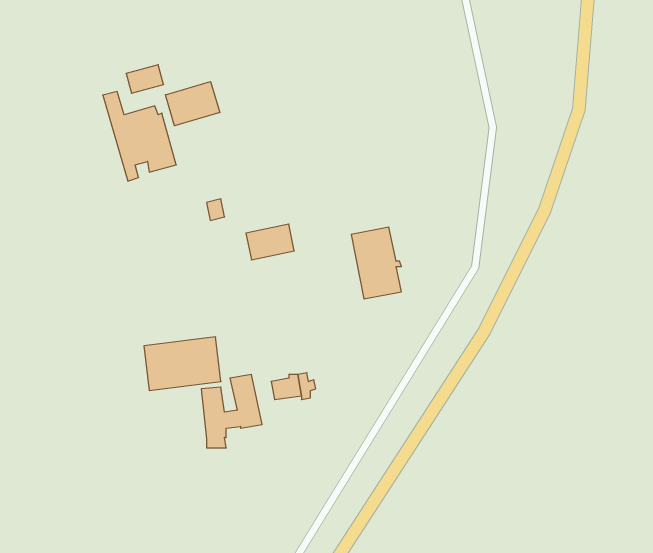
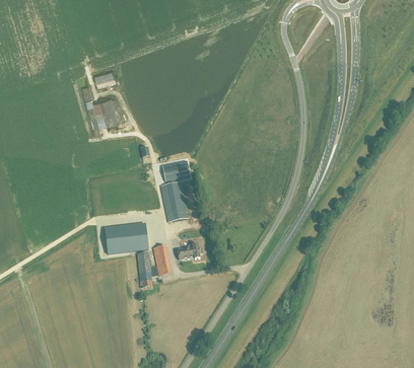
building: [165,82,220,126] -> none
building: [351,227,401,299] -> [160,180,189,221]

